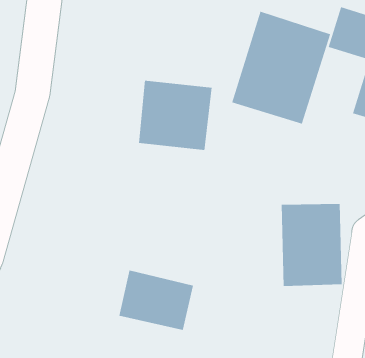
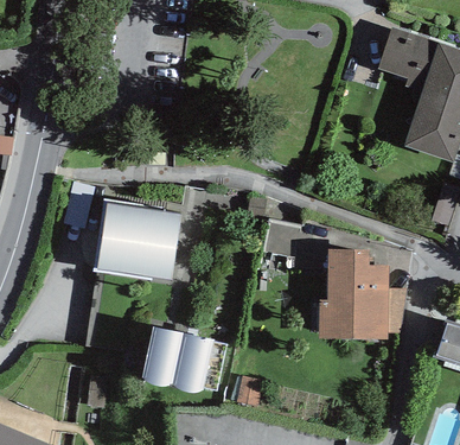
building: [231,11,331,125] -> none
building: [138,80,212,151] -> [100,203,184,282]

